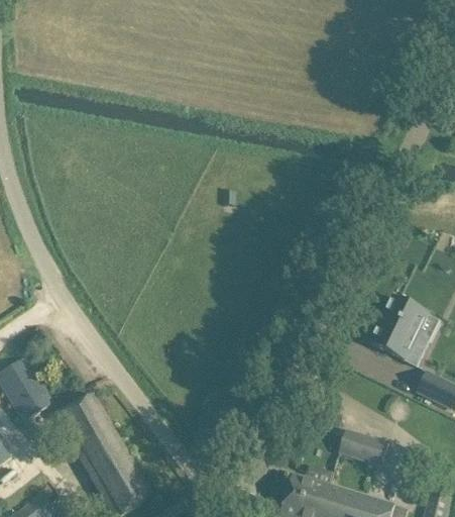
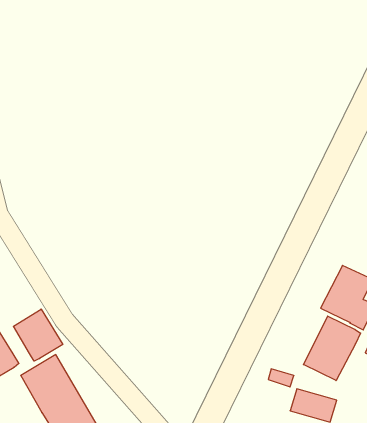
building: none -> [13,309,63,361]
building: none -> [303,316,361,381]

